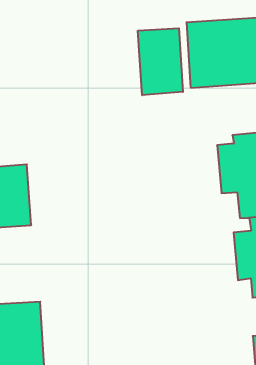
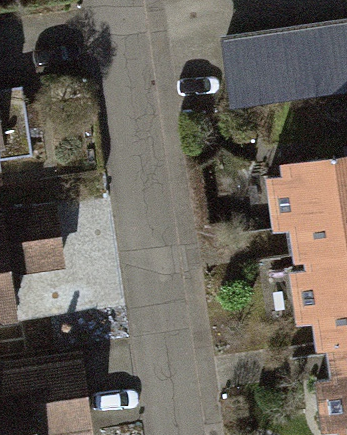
building: [138,28,183,95] -> none

